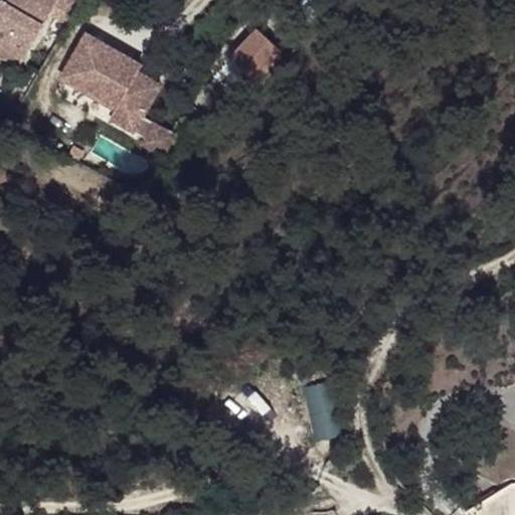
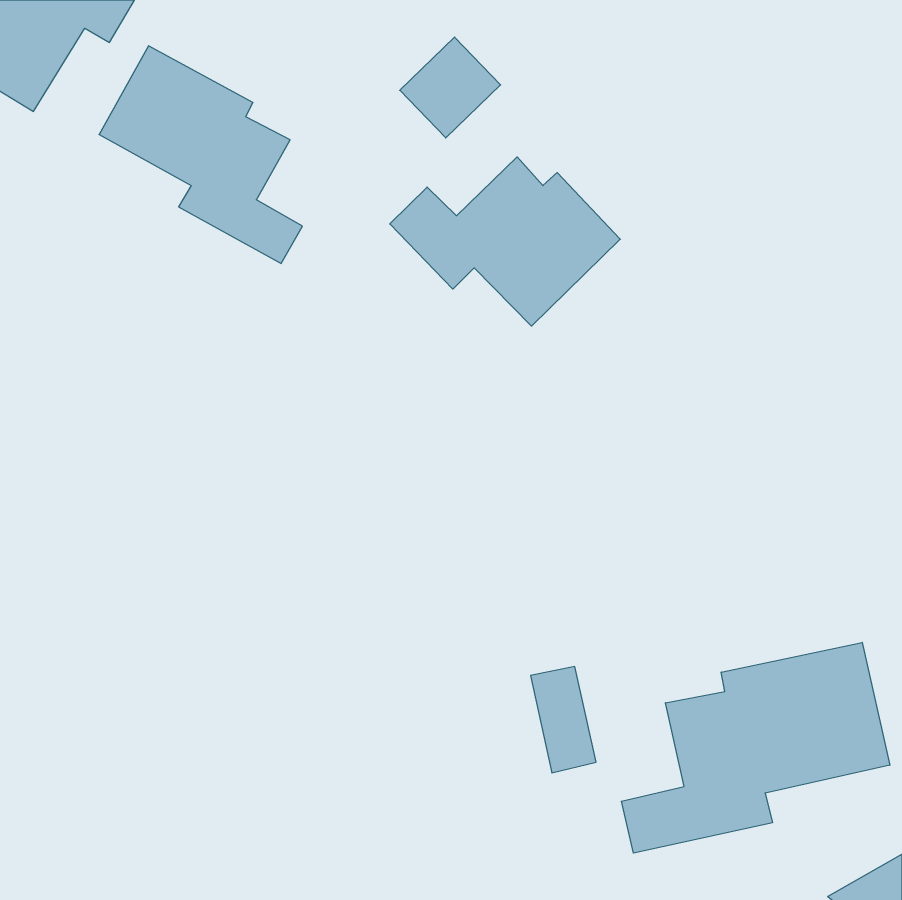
building: none -> [390,157,620,326]
building: none -> [621,642,890,853]

